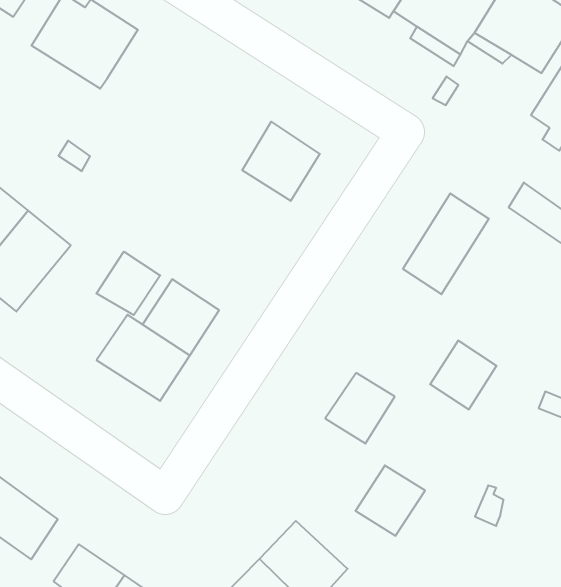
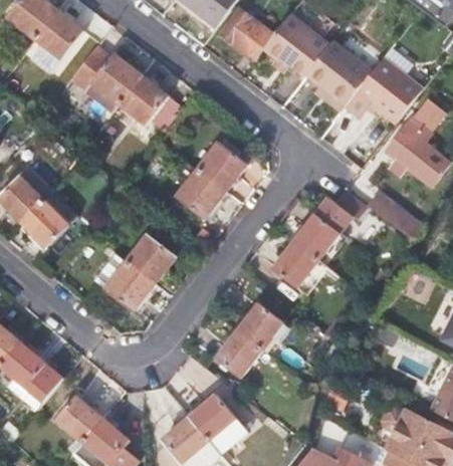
building: none -> [119,74,168,123]
building: none -> [178,169,228,218]
building: [96,252,160,315] -> none
building: [430,341,497,409] -> [275,240,318,284]
building: [355,465,425,536] -> [217,330,262,376]

